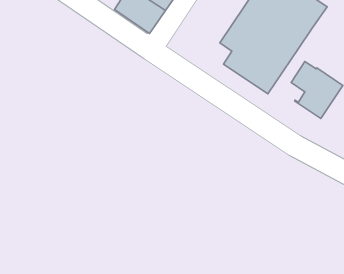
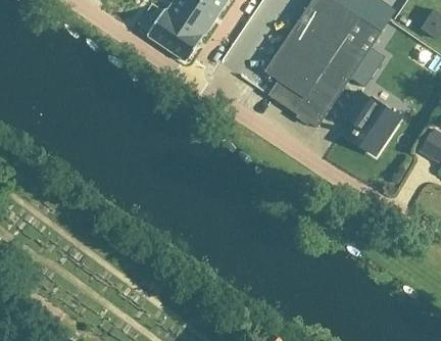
building: none -> [350,48,385,88]

